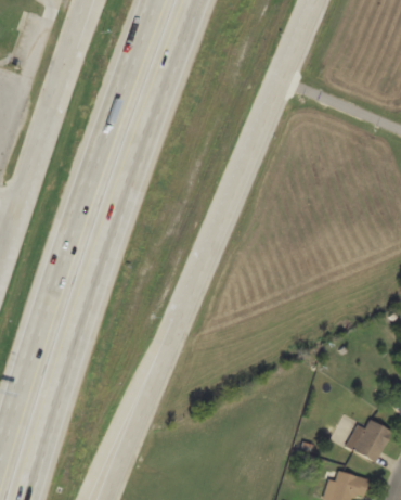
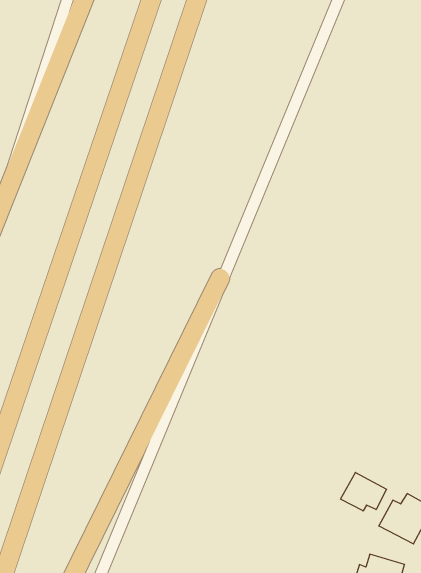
building: none -> [341,472,387,511]

